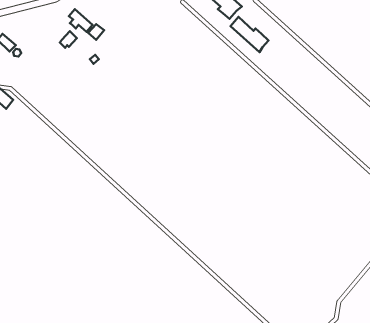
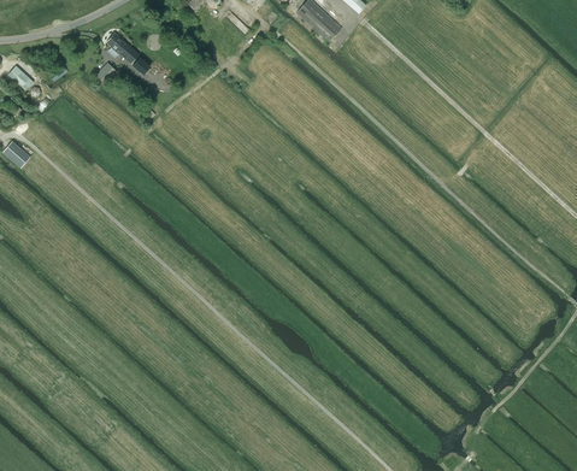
building: [230,17,269,52] -> none

